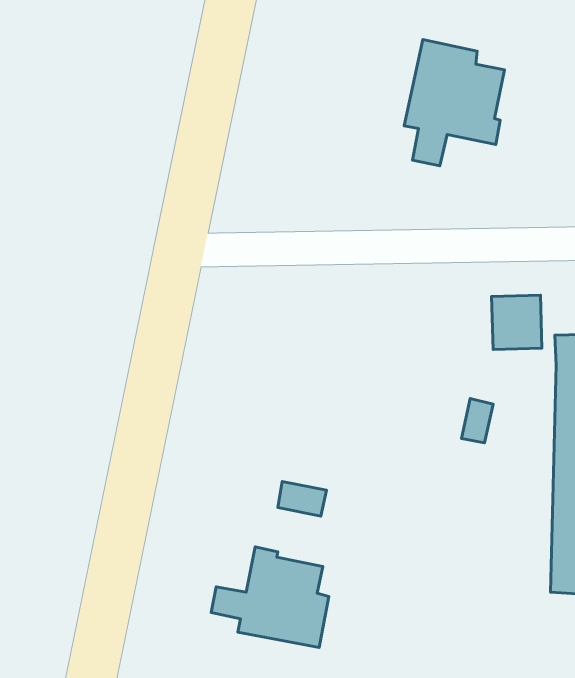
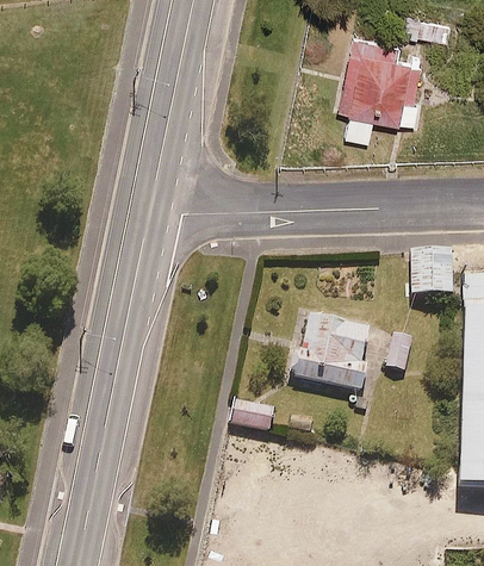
building: none -> [290,313,370,391]
building: [211,547,329,648] -> none

